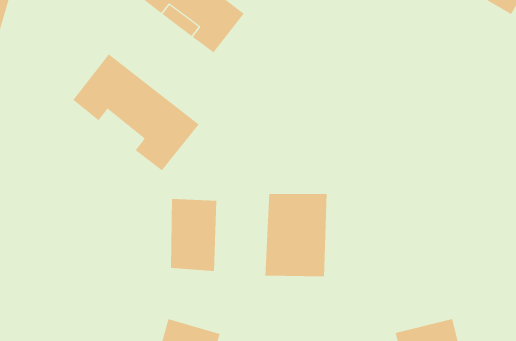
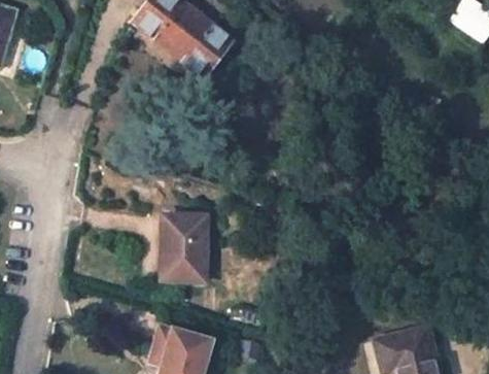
building: [72,53,199,171] -> none
building: [265,193,327,277] -> none

